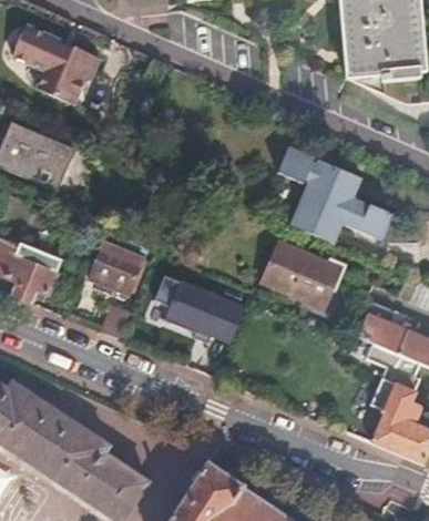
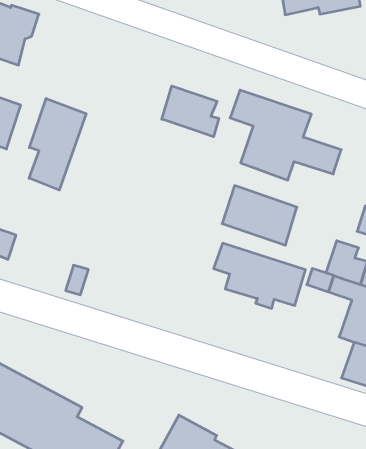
building: none -> [162,86,219,137]
building: none -> [29,98,86,190]
building: [90,241,142,292] -> none
building: [155,277,246,346] -> [214,243,305,308]

